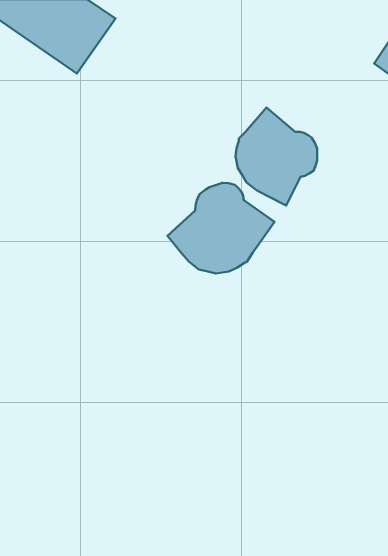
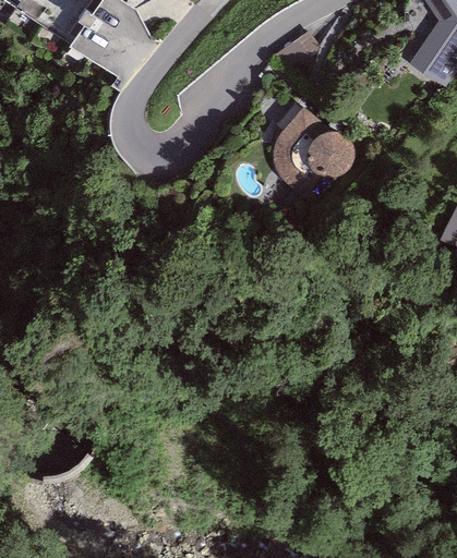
building: [167,183,275,274] -> none

